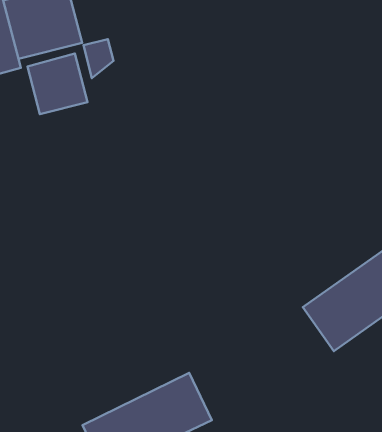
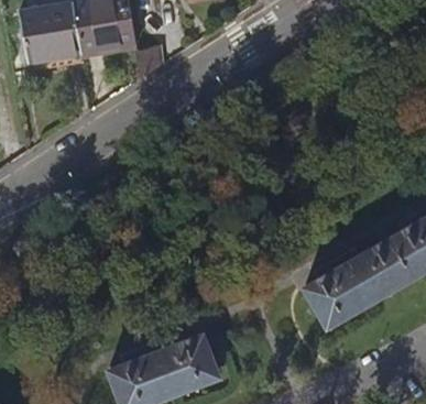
building: [27,53,88,114] -> none

